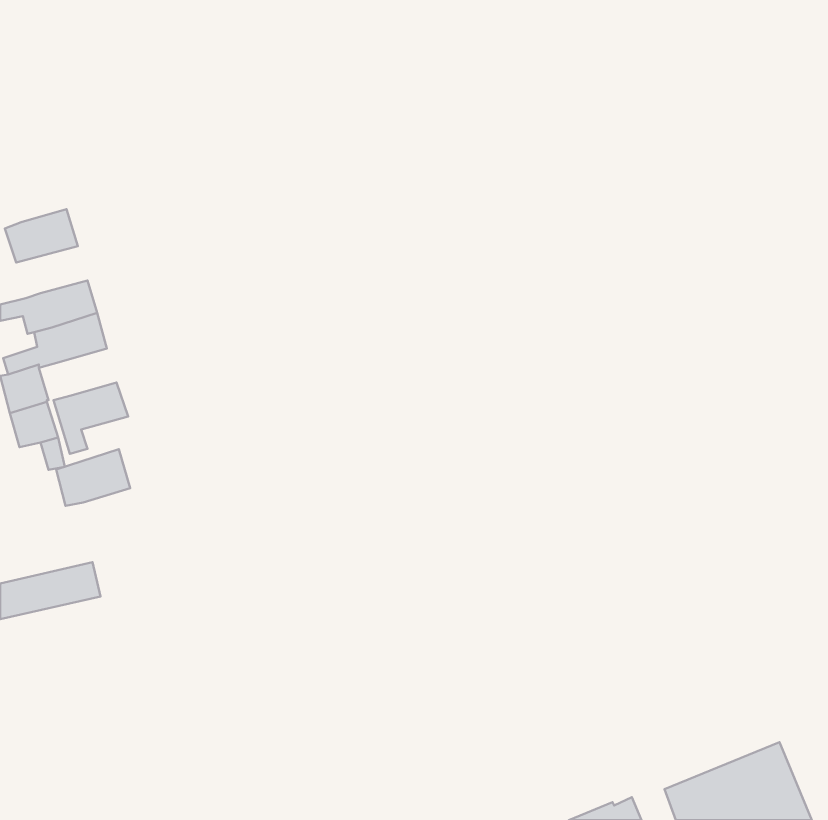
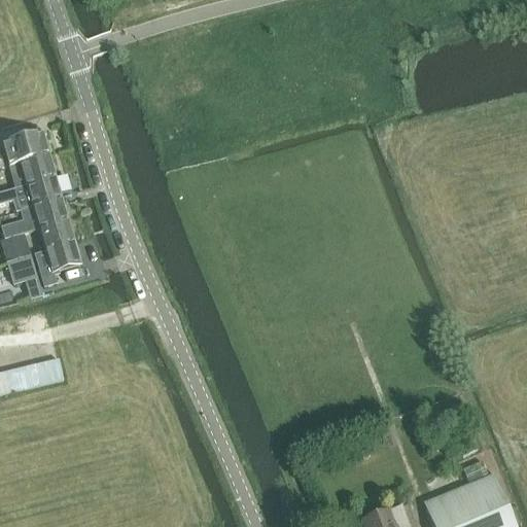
building: none -> [10,156,56,189]
building: none -> [39,221,74,251]
building: [56,449,130,506] -> none

